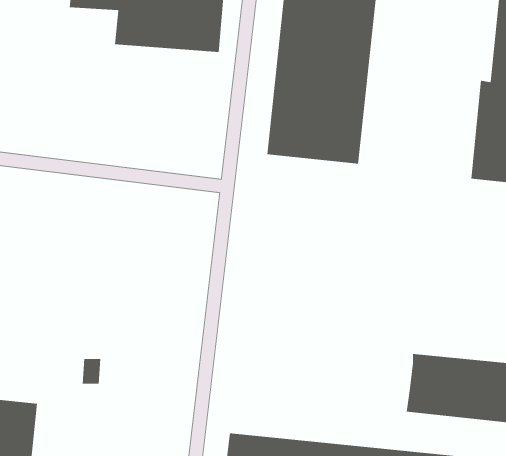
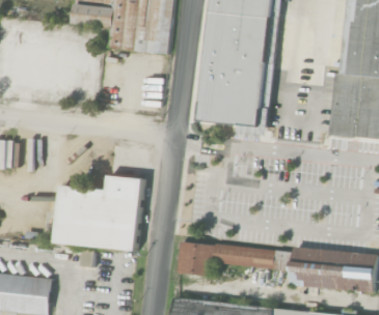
building: none -> [56,176,143,251]
building: none -> [178,241,293,276]

